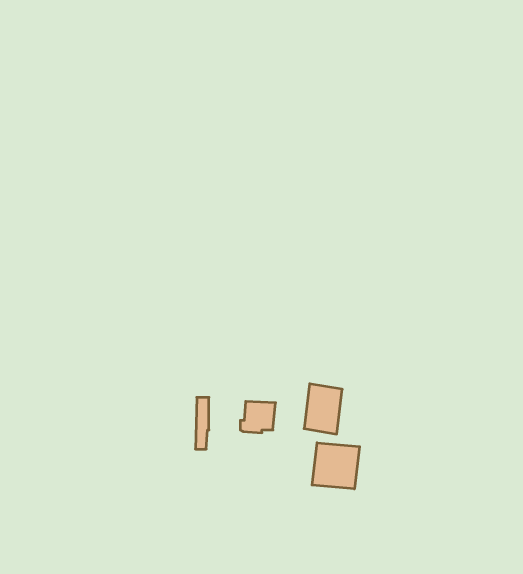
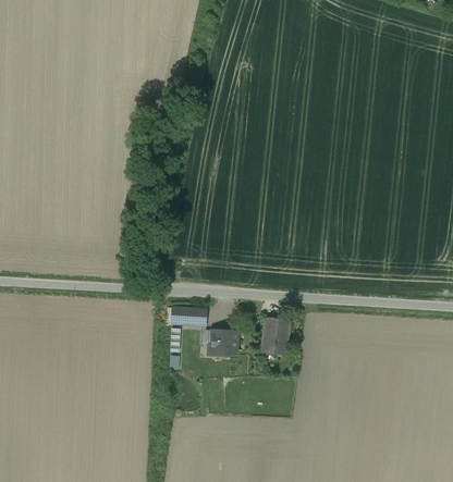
building: none -> [170,306,207,324]
building: [312,443,360,489] -> none

